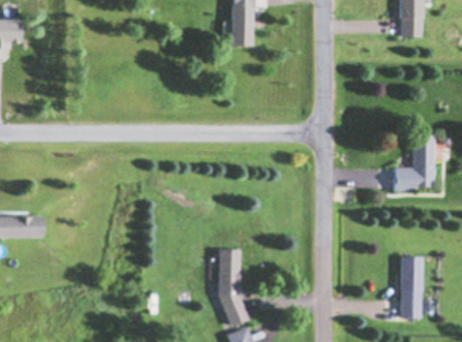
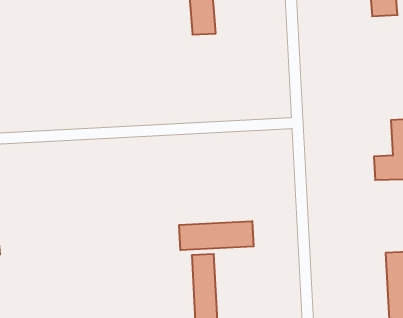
building: none -> [179,221,254,250]

